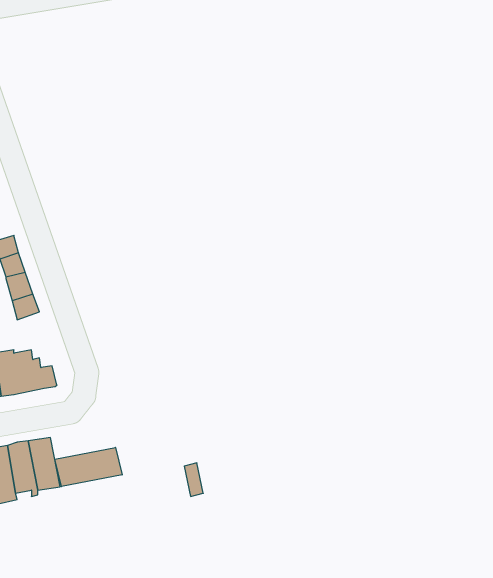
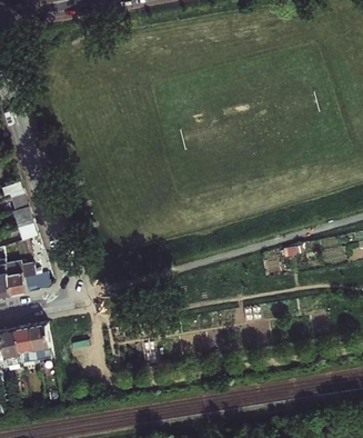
building: [55,447,122,487] -> none

